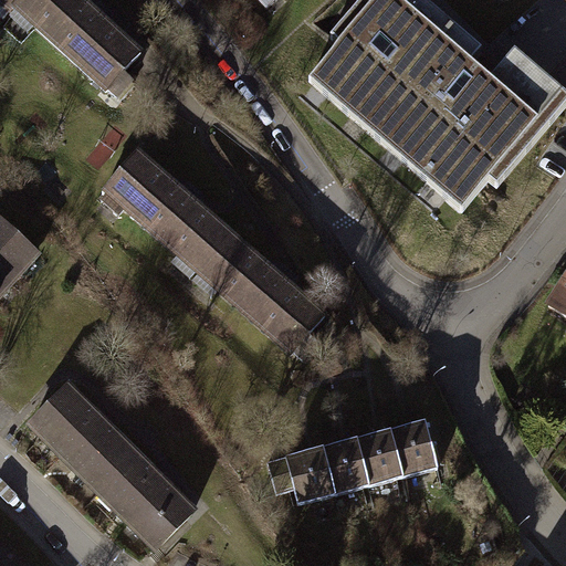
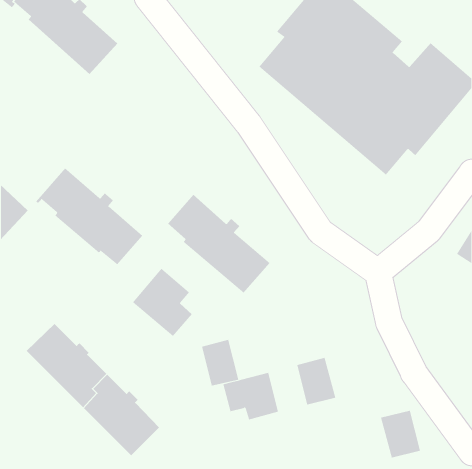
building: [102,150,231,268] -> [35,167,143,265]
building: none -> [132,268,193,337]
building: [389,419,438,476] -> [380,410,421,458]
building: [322,437,367,493] -> [201,339,239,386]

